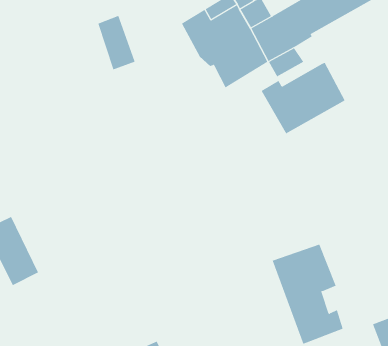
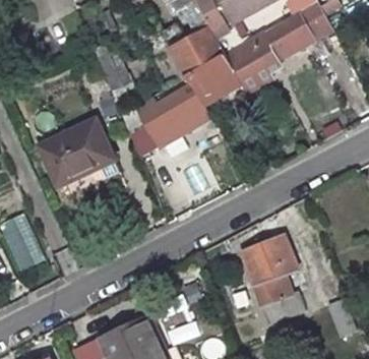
building: [261,62,346,134] -> [137,85,209,146]
building: none -> [40,122,117,182]

